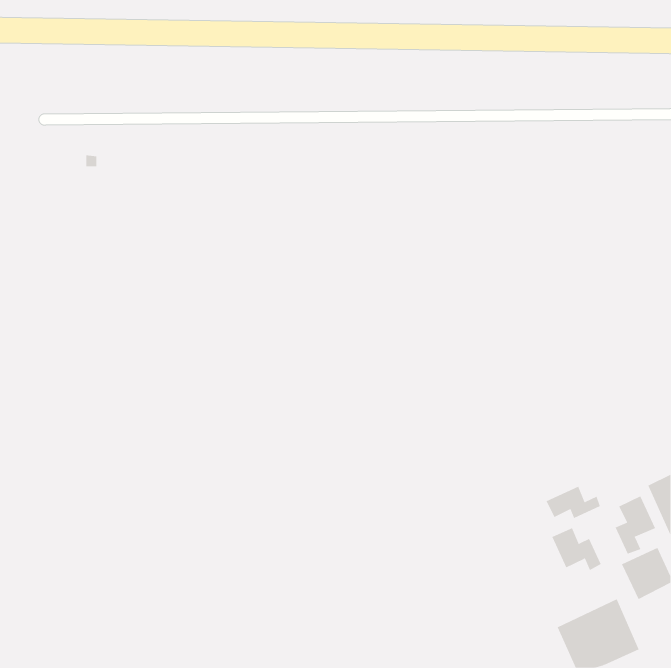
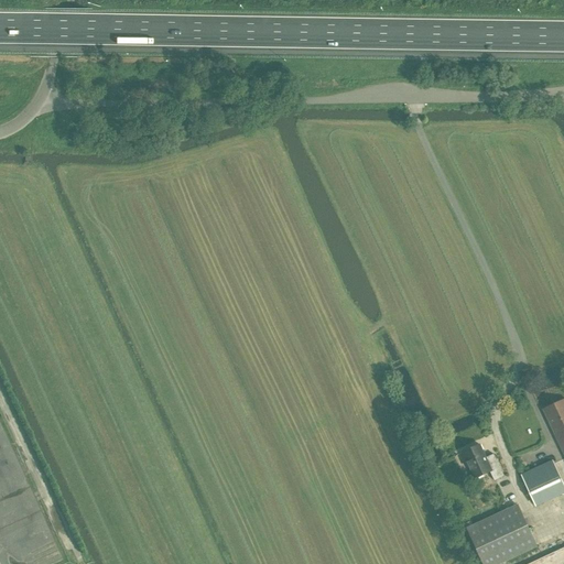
building: [546,486,601,519] -> none
building: [615,496,656,554] -> none

